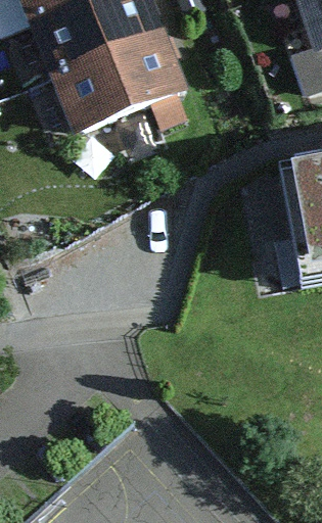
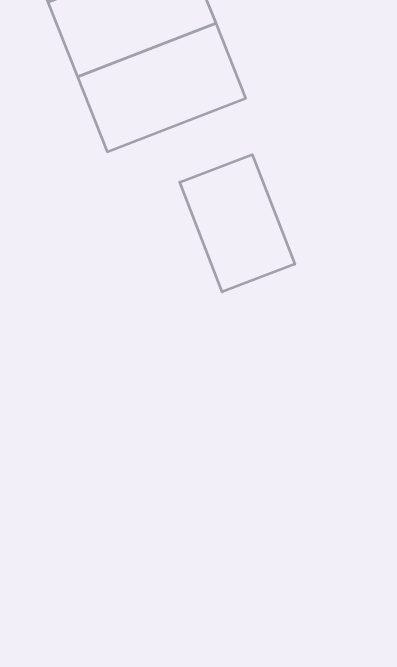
building: none -> [180,155,295,292]

